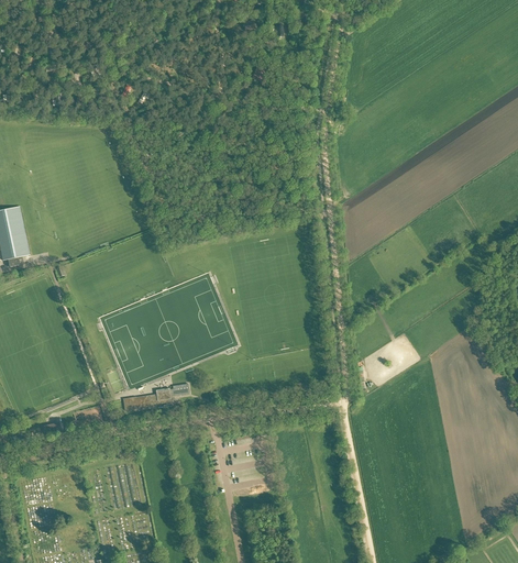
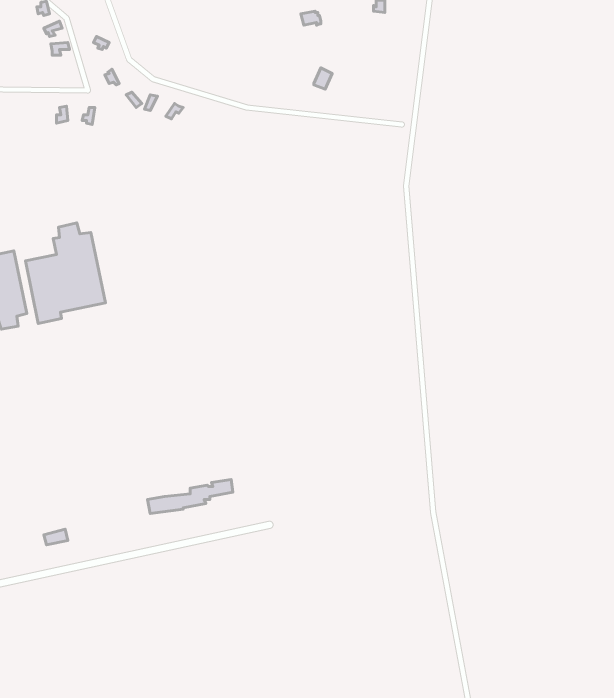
building: none -> [26,223,105,323]

